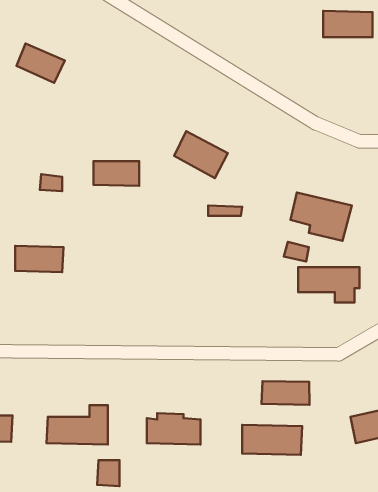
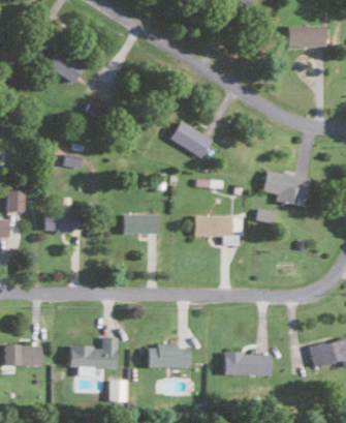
building: [94,161,139,186] -> [123,214,159,234]
building: [298,267,360,302] -> [194,216,243,244]
building: [262,381,310,405] -> none

